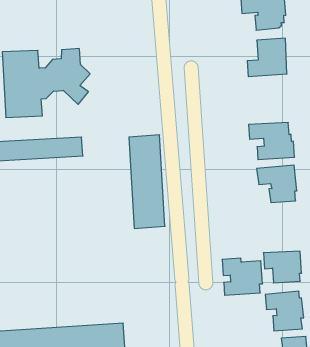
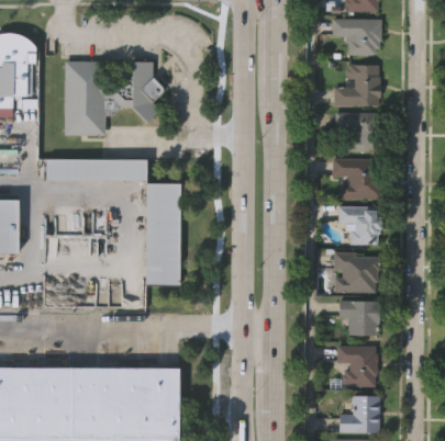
building: none -> [336,113,382,152]
building: [129,135,165,228] -> [146,182,181,283]
building: [222,258,263,295] -> [336,253,379,293]

